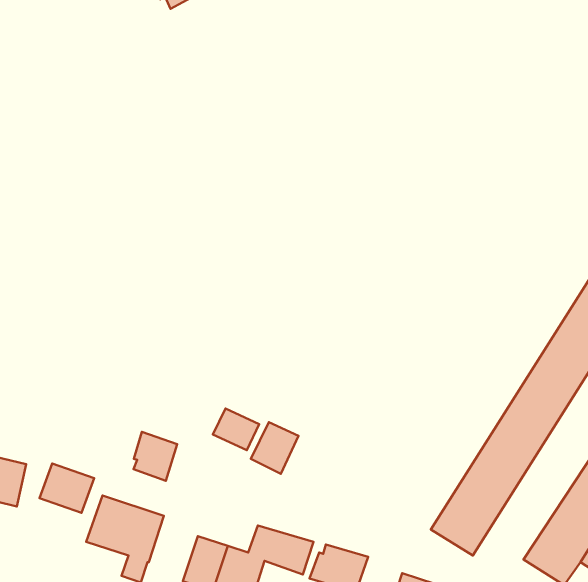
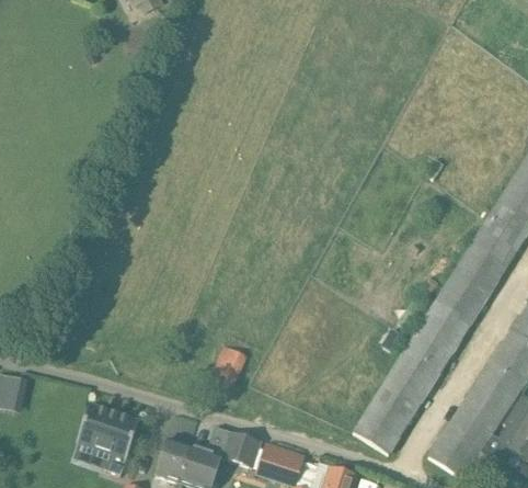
building: [213,409,259,450] -> none
building: [134,432,177,481] -> none
building: [39,463,94,513] -> none

